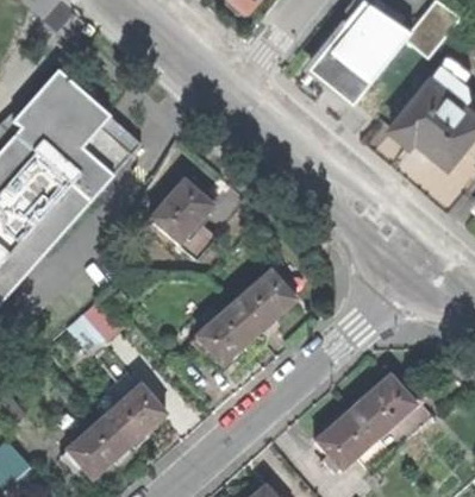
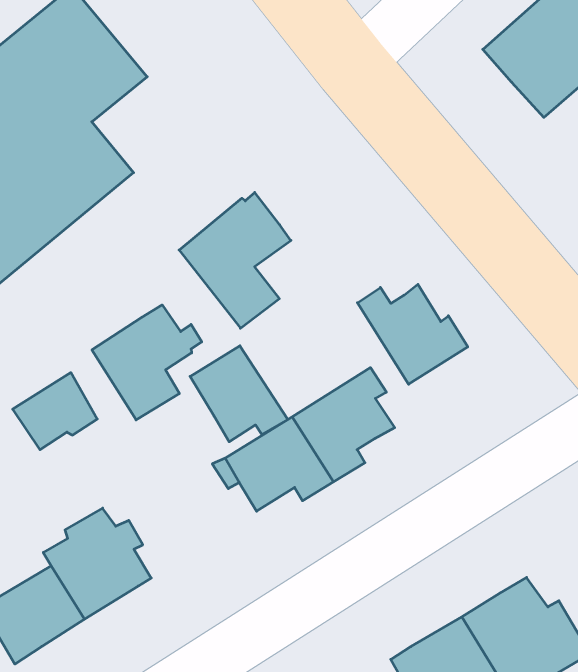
building: [85,118,143,176] -> none
building: none -> [357,284,468,384]
building: none -> [92,305,202,420]
building: none -> [190,346,288,442]

